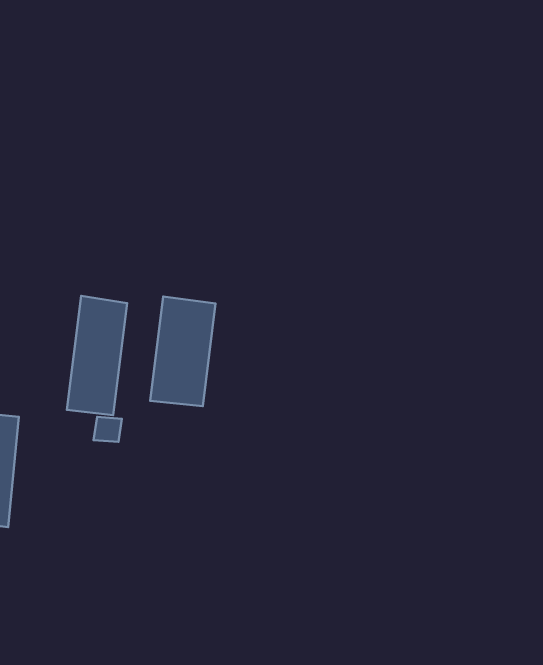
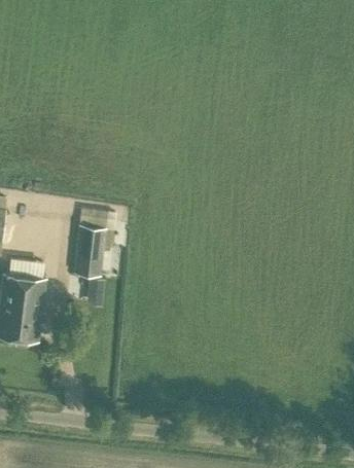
building: [150,296,216,406] -> none

